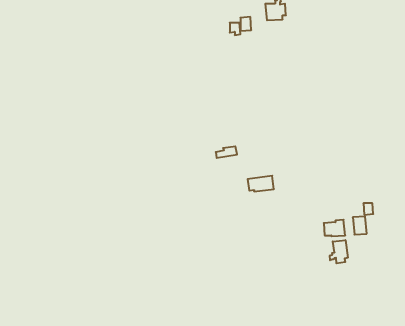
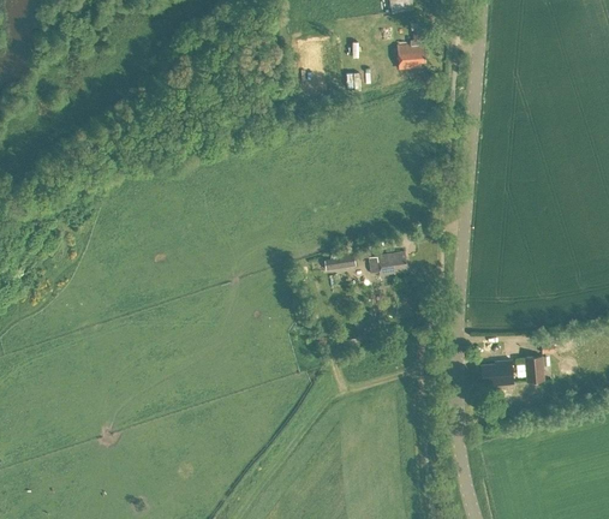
building: [248,176,274,191] -> [369,252,407,275]
building: [330,240,348,263] -> none

